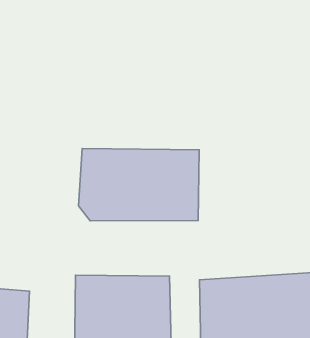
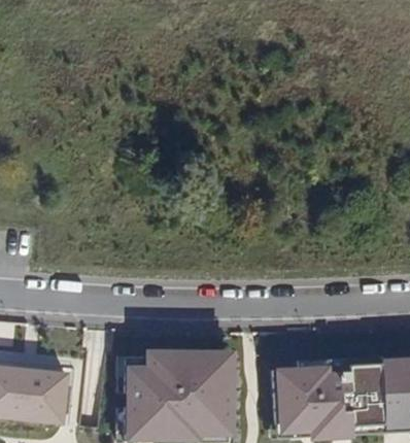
building: [79,149,199,221] -> none

